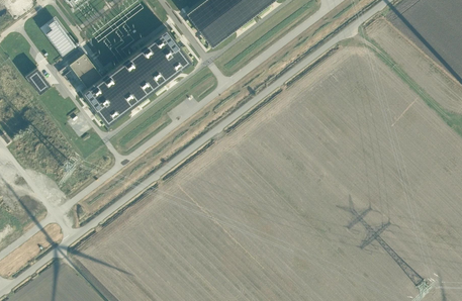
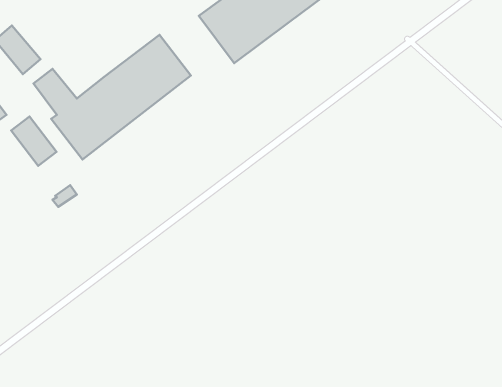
building: none -> [11,117,57,166]

